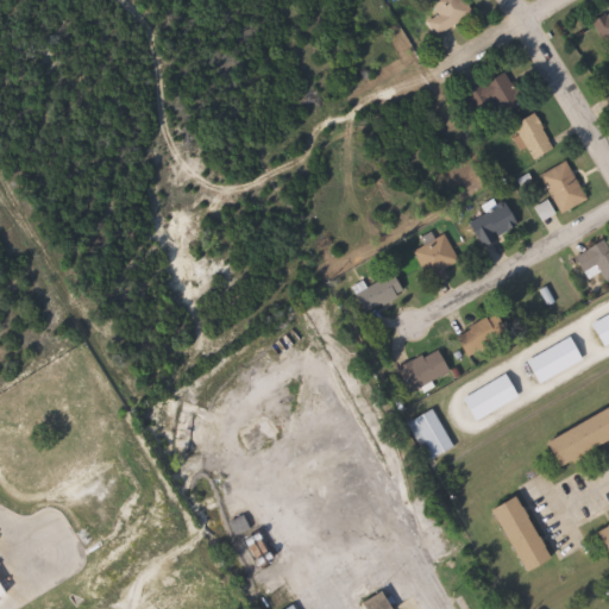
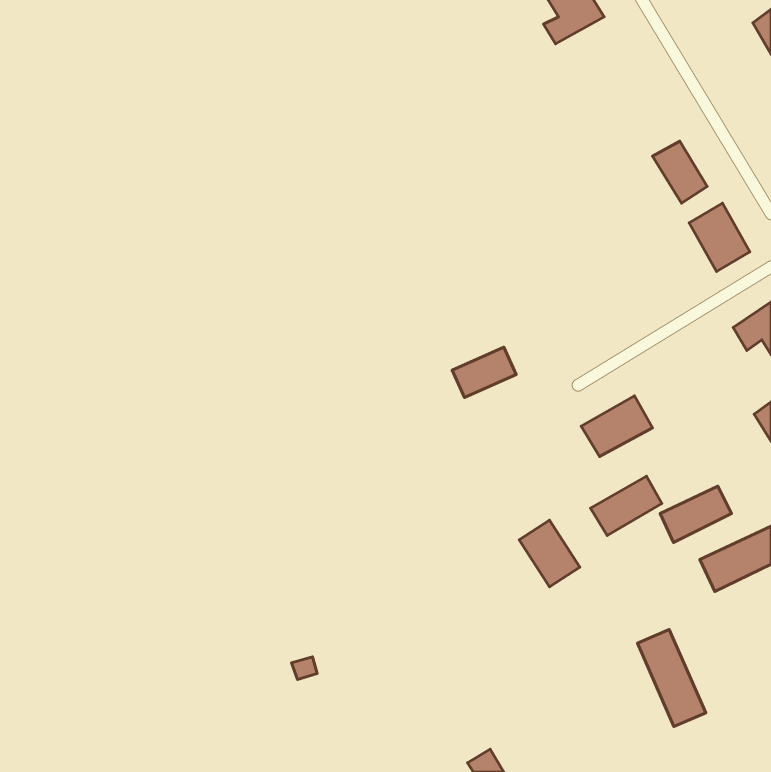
building: [465,71,520,113] -> none
building: [475,212,522,245] -> none
building: [413,233,458,280] -> none
building: [527,338,583,382] -> [660,486,731,542]
building: [396,347,450,393] -> none

